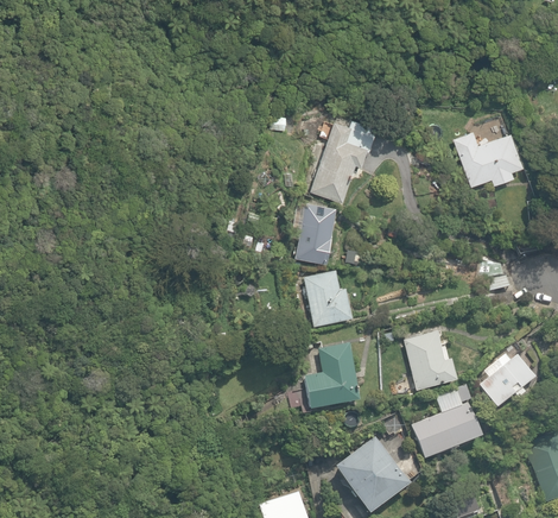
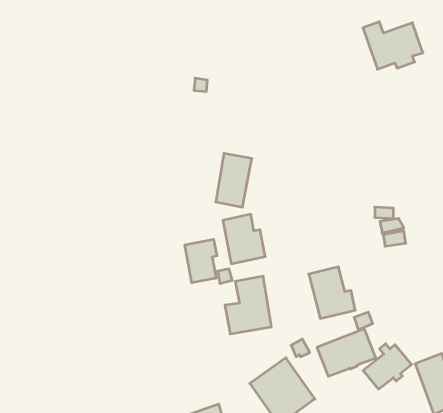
building: [310,119,378,201] -> none
building: [454,131,522,185] -> [363,22,423,69]
building: none -> [185,239,217,283]
building: [480,354,535,406] -> [363,344,412,389]

